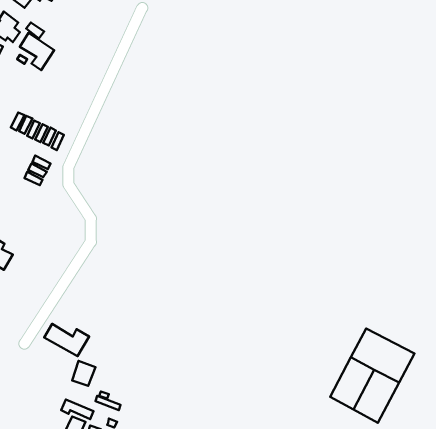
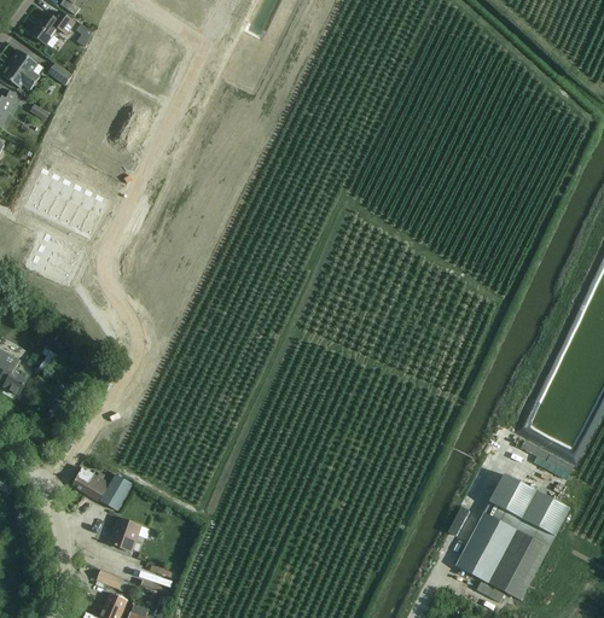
building: [20,33,54,70] -> none

